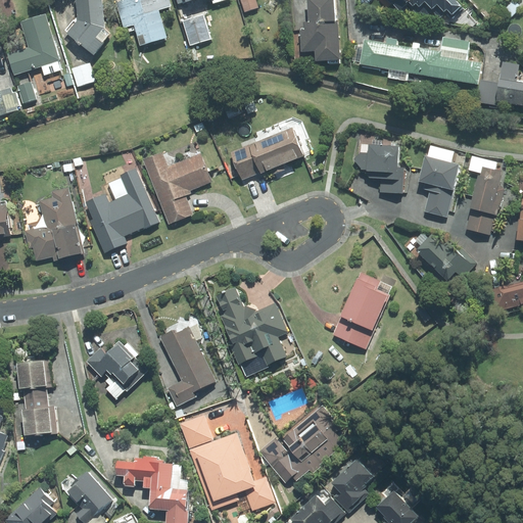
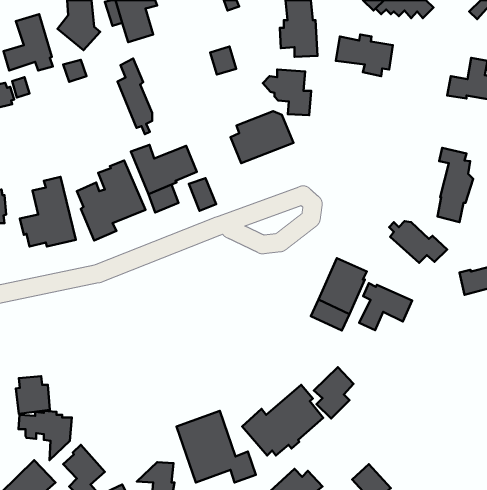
building: [182,15,209,45] -> [210,47,236,75]
building: [415,37,480,84] -> none
building: none -> [118,59,152,134]
building: [230,145,258,180] -> [189,178,216,211]
building: [352,145,403,193] -> [263,70,311,115]
building: [418,146,460,217] -> none
building: [215,287,286,377] -> none
building: none -> [359,283,412,330]
building: [159,327,215,406] -> none
building: [85,341,147,398] -> none
building: [16,360,52,399] -> none
building: [180,416,211,447] -> none
building: [115,457,172,509] -> [19,411,72,460]
building: [330,459,372,513] -> [314,367,353,419]

